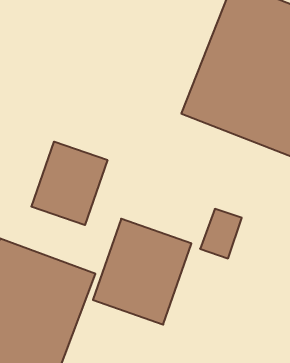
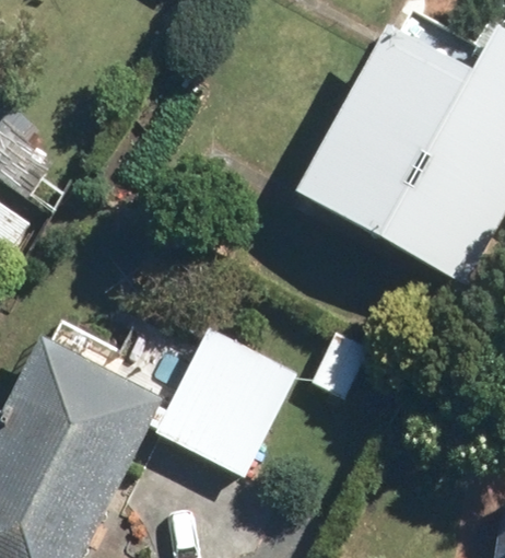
building: [31,142,107,225] -> none

